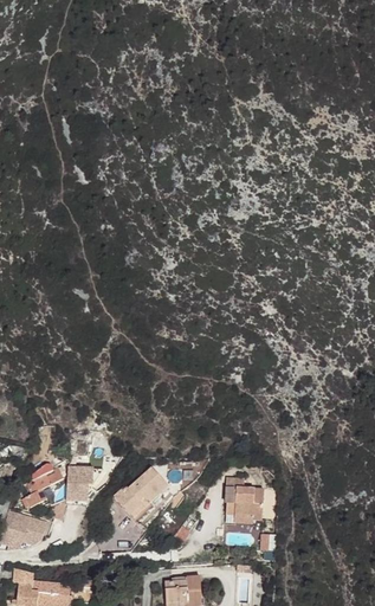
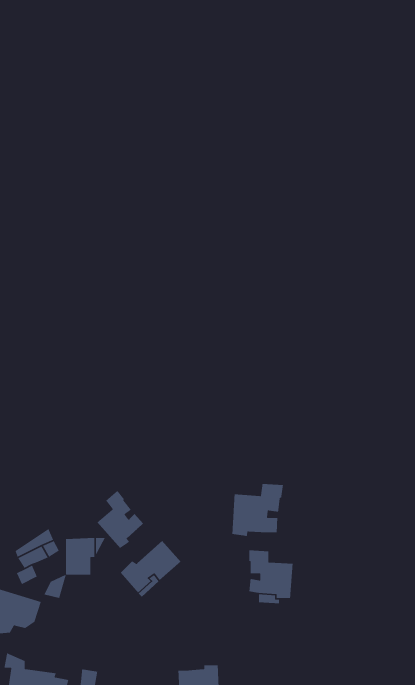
building: none -> [231,483,284,537]
building: none -> [97,490,144,549]

